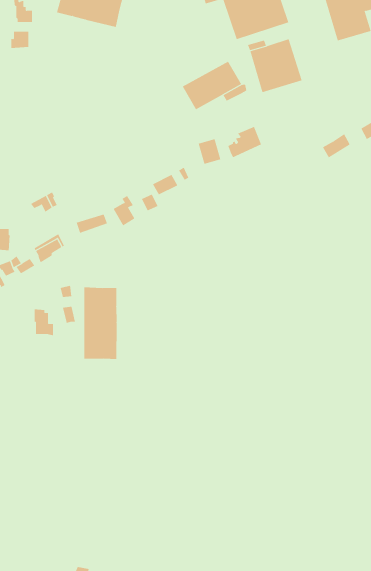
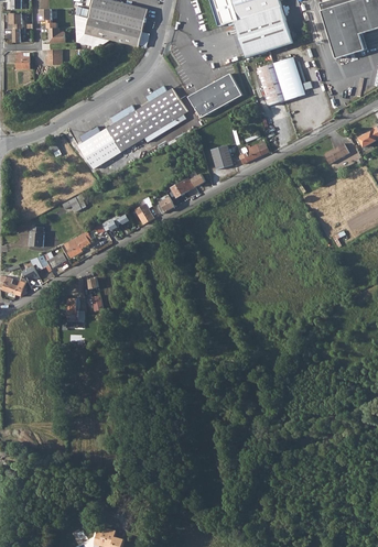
building: none -> [79,85,187,168]
building: [84,287,117,360] -> none

